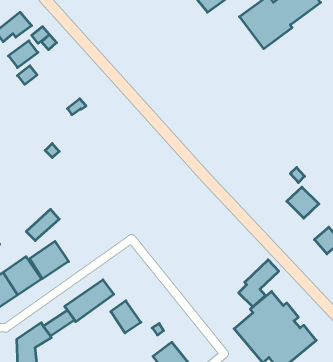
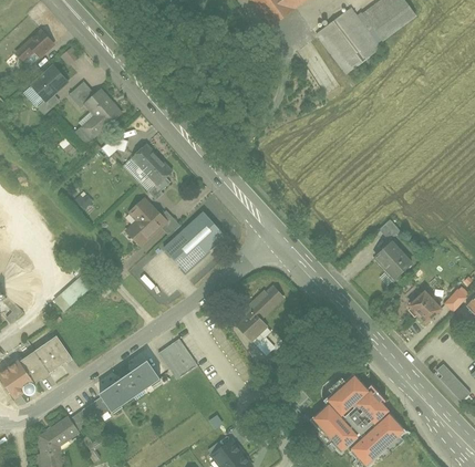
building: none -> [70,82,118,143]
building: none -> [122,142,174,194]
building: none -> [125,198,169,246]
building: none -> [163,207,227,270]
building: [30,241,69,279] -> none
building: [239,260,279,307] -> [235,280,285,339]
building: [111,301,141,333] -> [162,340,199,380]

